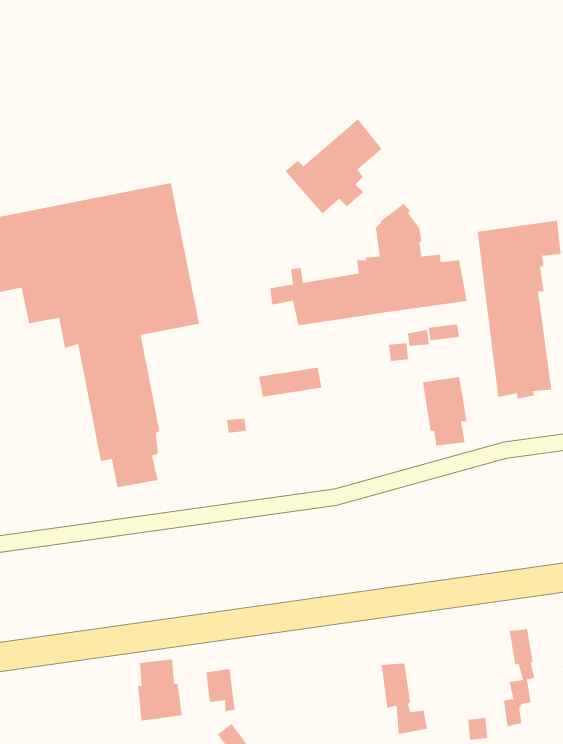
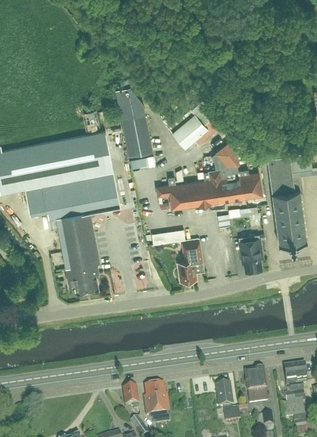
building: none -> [116,83,155,168]
building: none -> [178,241,202,281]
building: none -> [290,366,306,418]
building: none -> [244,371,267,405]
building: [137,659,182,721] -> [144,385,168,418]

